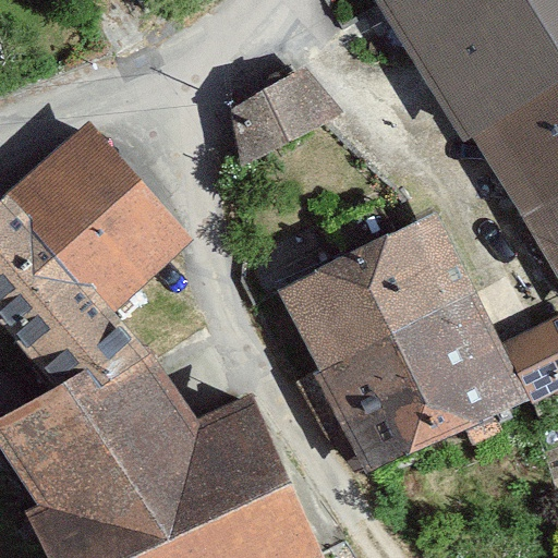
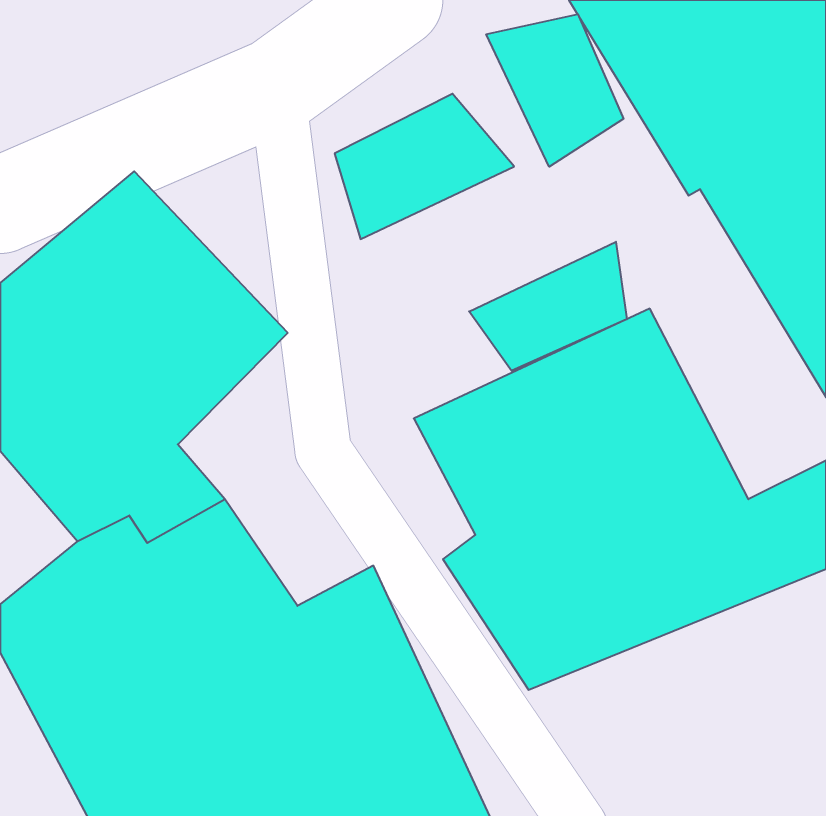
building: none -> [486,14,623,167]
building: none -> [469,242,627,371]

